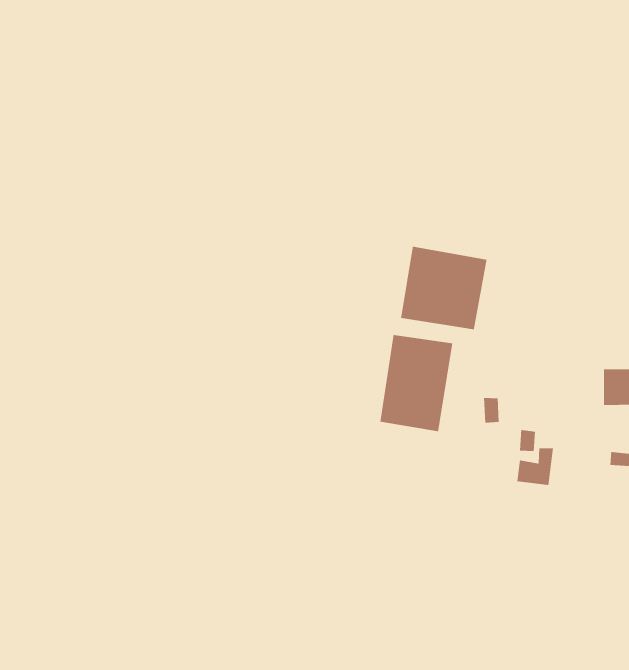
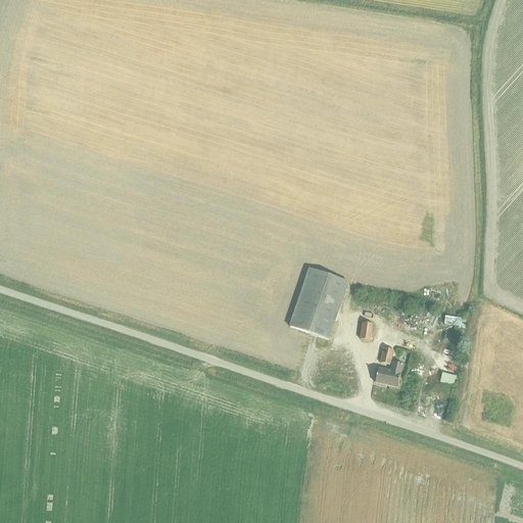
building: [401,246,487,330] -> none

